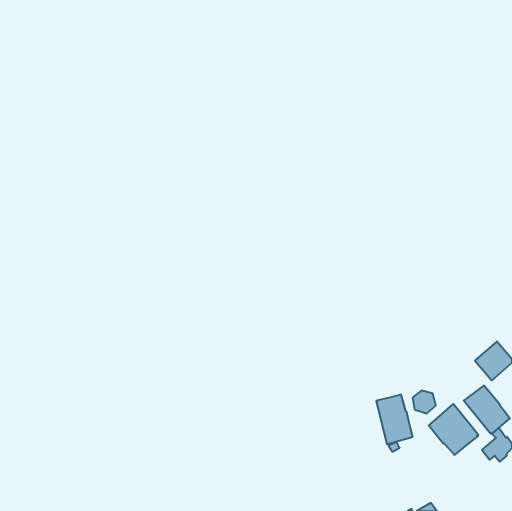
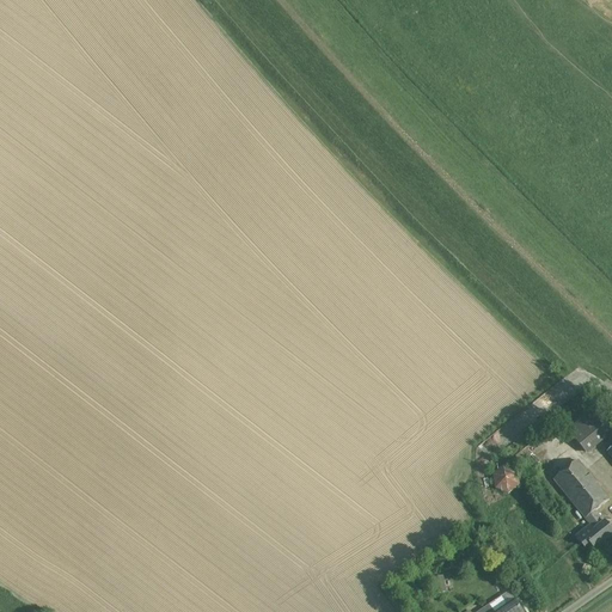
building: [376,394,412,444] -> none
building: [429,404,478,455] -> none

